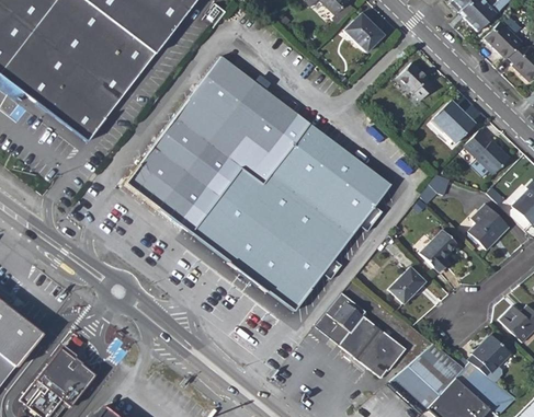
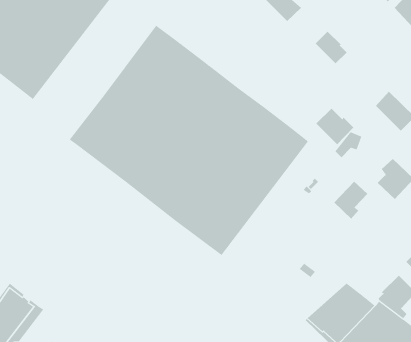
building: [432,102,475,143] -> [316,108,354,145]
building: [389,266,425,303] -> none
building: [315,292,406,378] -> none

